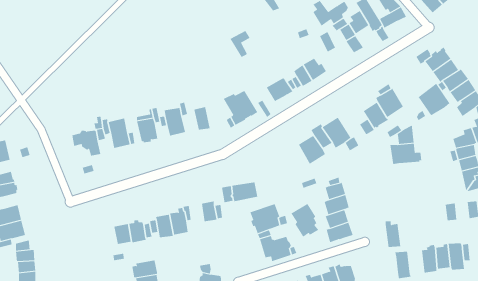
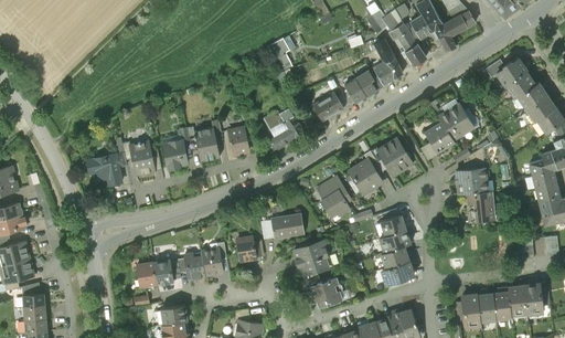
building: none -> [369,59,402,86]
building: [418,83,450,116] -> none
building: none -> [463,191,494,222]
building: [291,203,319,237] -> [317,178,350,218]
building: [385,221,401,247] -> [477,291,495,321]

